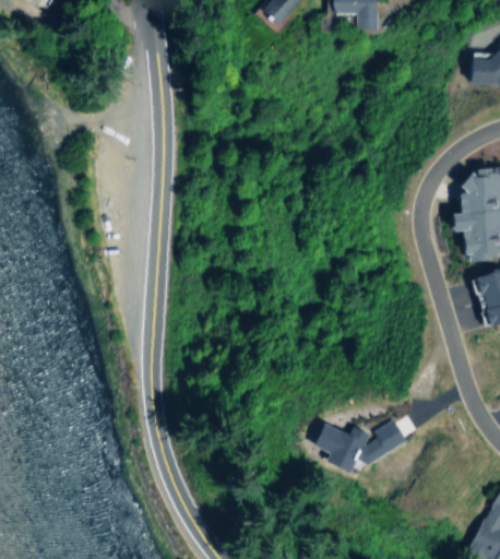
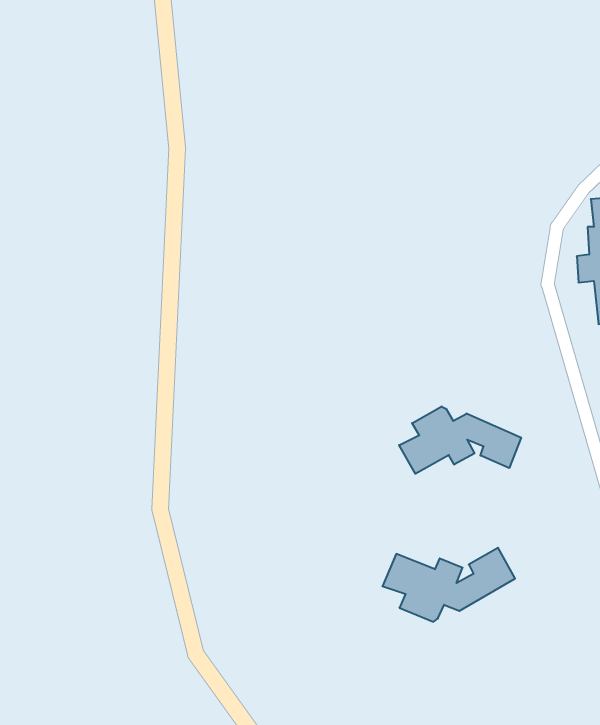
building: none -> [399,406,521,474]

